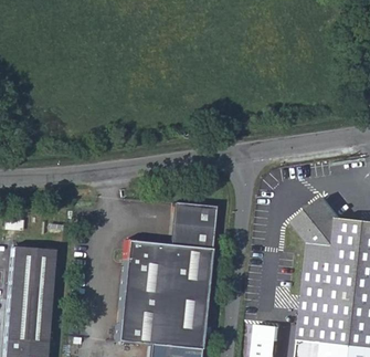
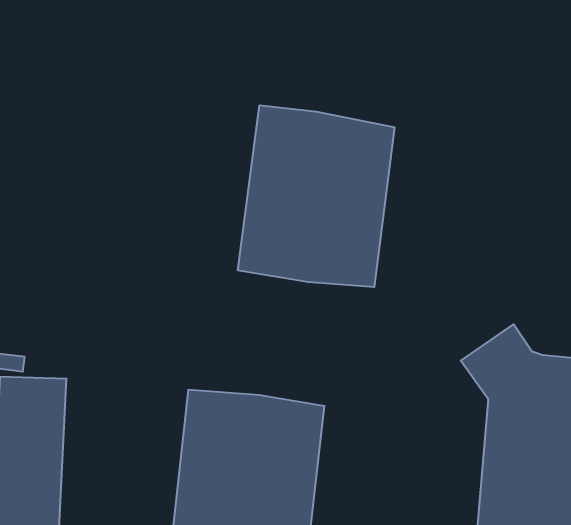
building: none -> [238,105,395,287]
building: [168,207,213,254] -> none

